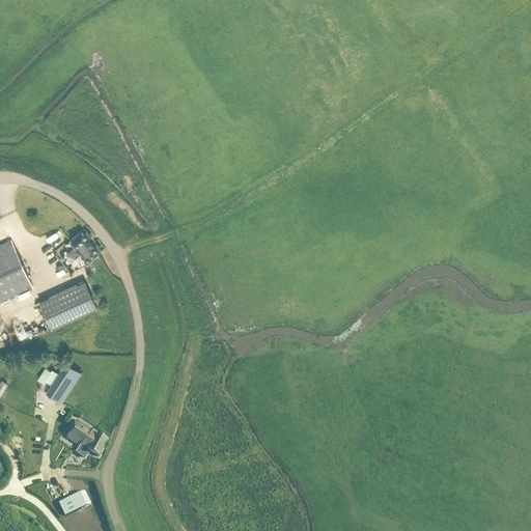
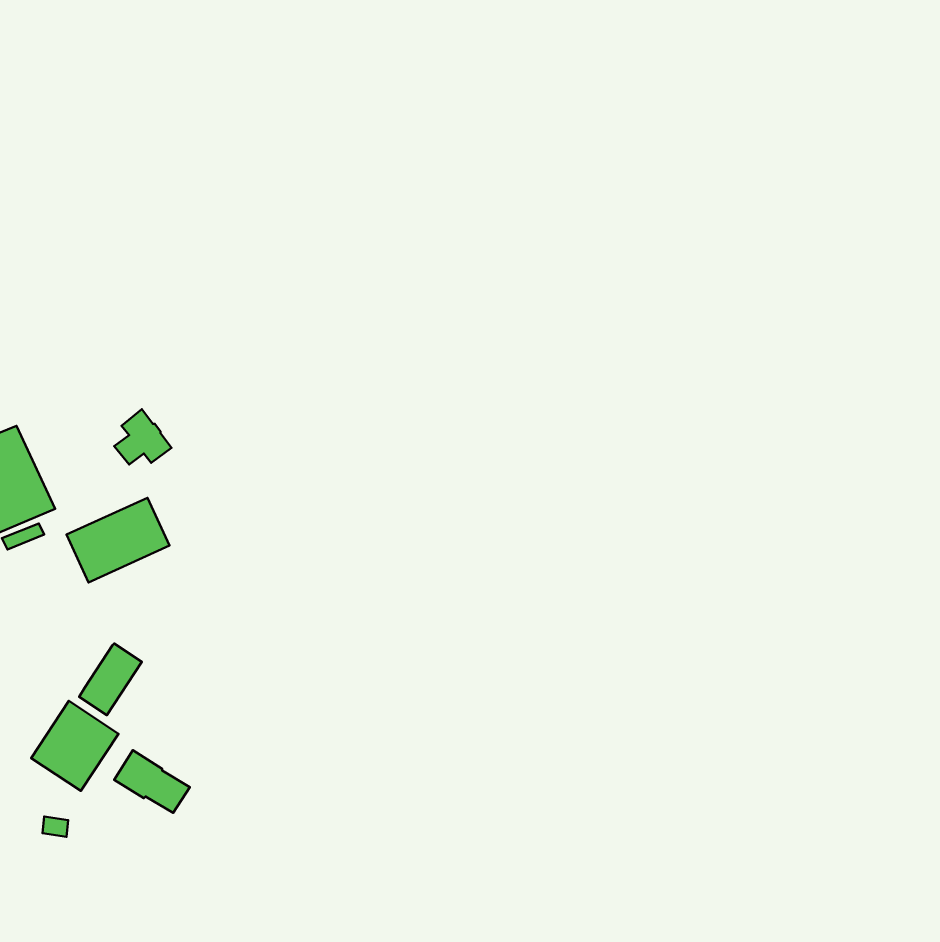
building: none -> [31,701,118,791]
building: [57,493,89,518] -> none

